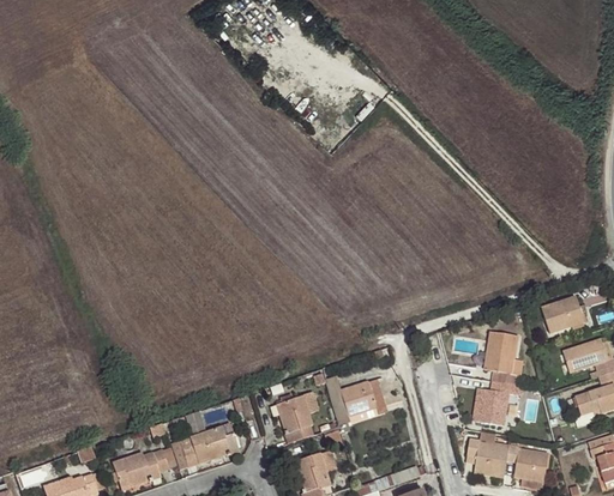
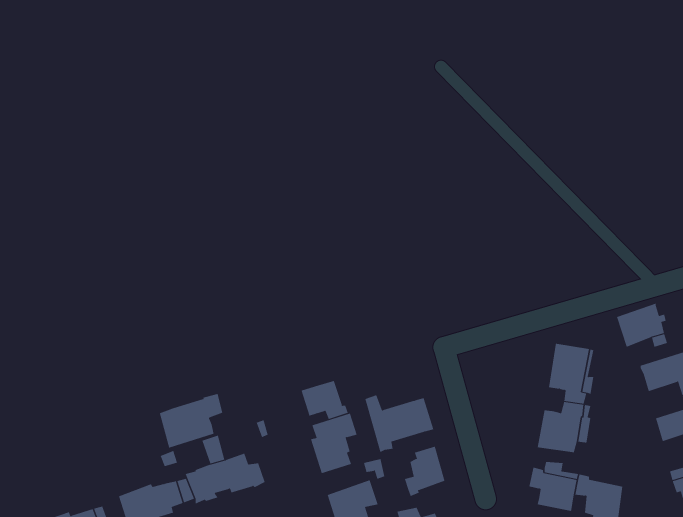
building: none -> [301,380,349,420]
building: none -> [159,393,223,449]
building: none -> [404,446,445,497]

